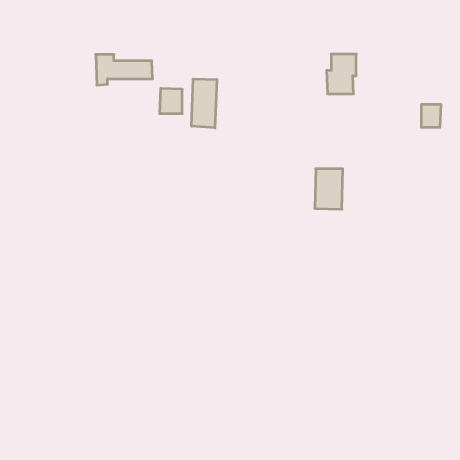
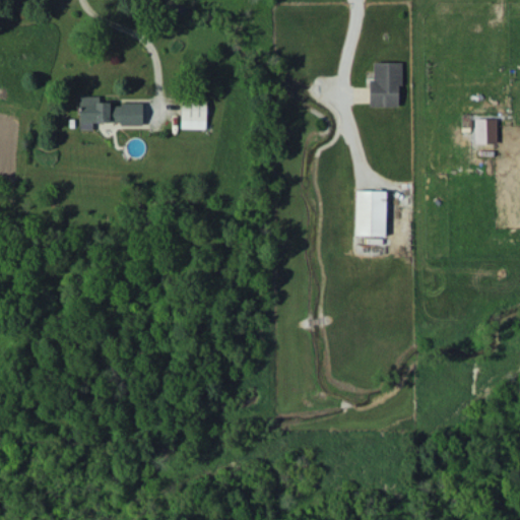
building: [96,54,153,85] -> [79,96,143,131]
building: [192,79,217,128] -> none

